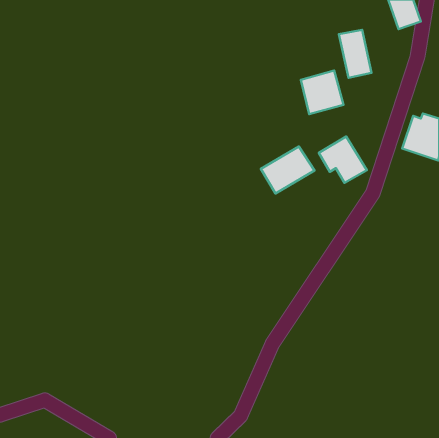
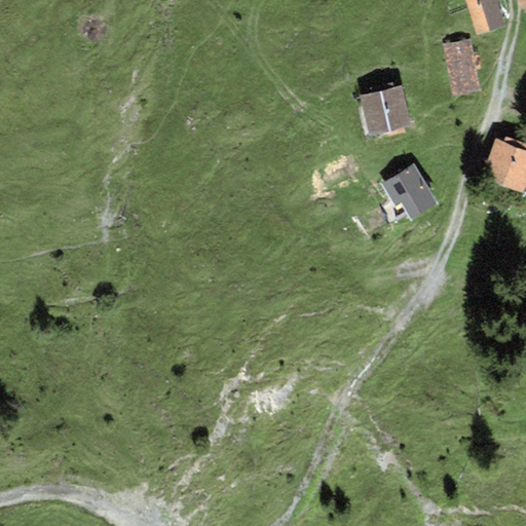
building: [339,30,372,78] -> [442,38,481,96]
building: [261,146,314,194] -> none

